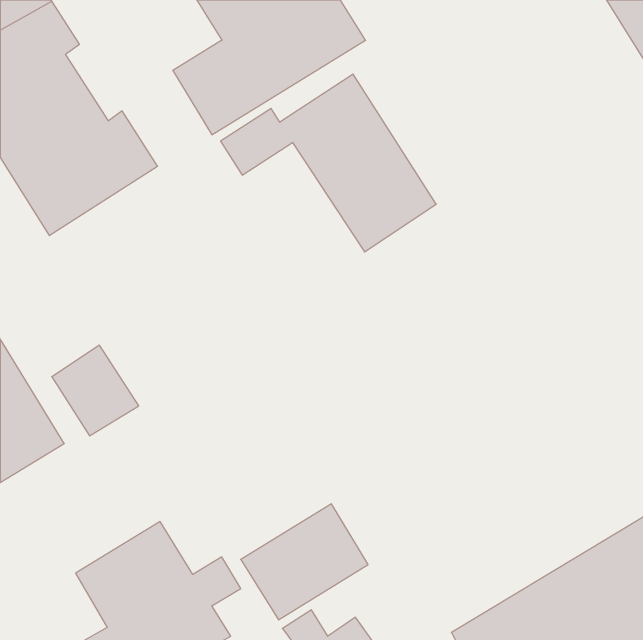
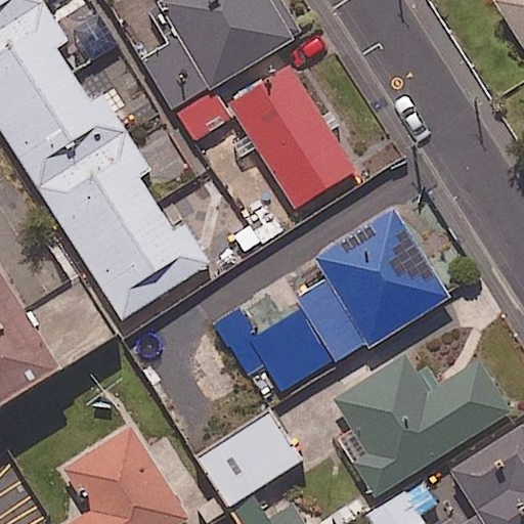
building: none -> [41,138,209,319]
building: none -> [297,209,447,364]
building: none -> [334,356,511,495]

